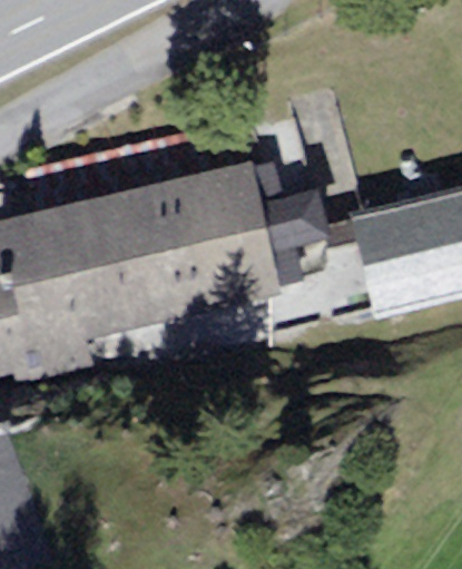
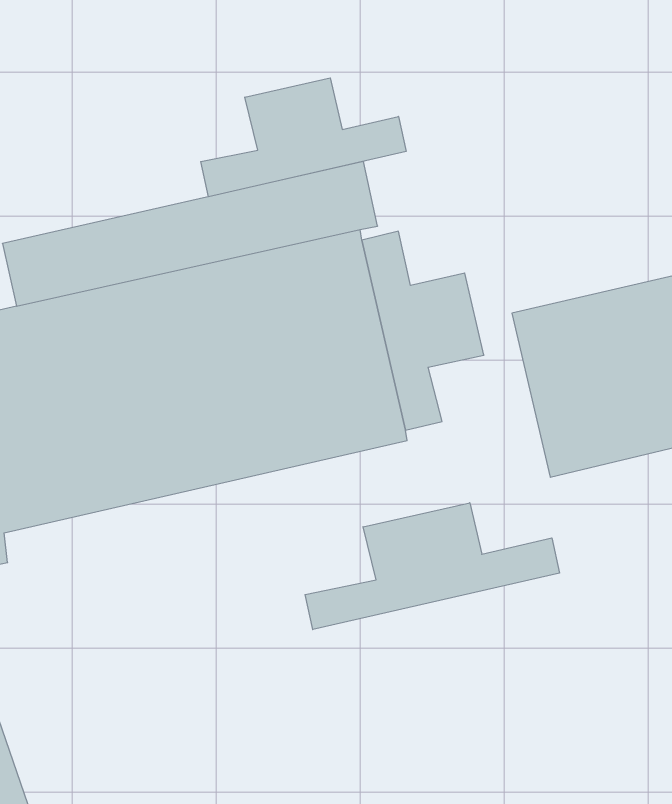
building: none -> [201,78,406,197]
building: none -> [305,503,559,630]

